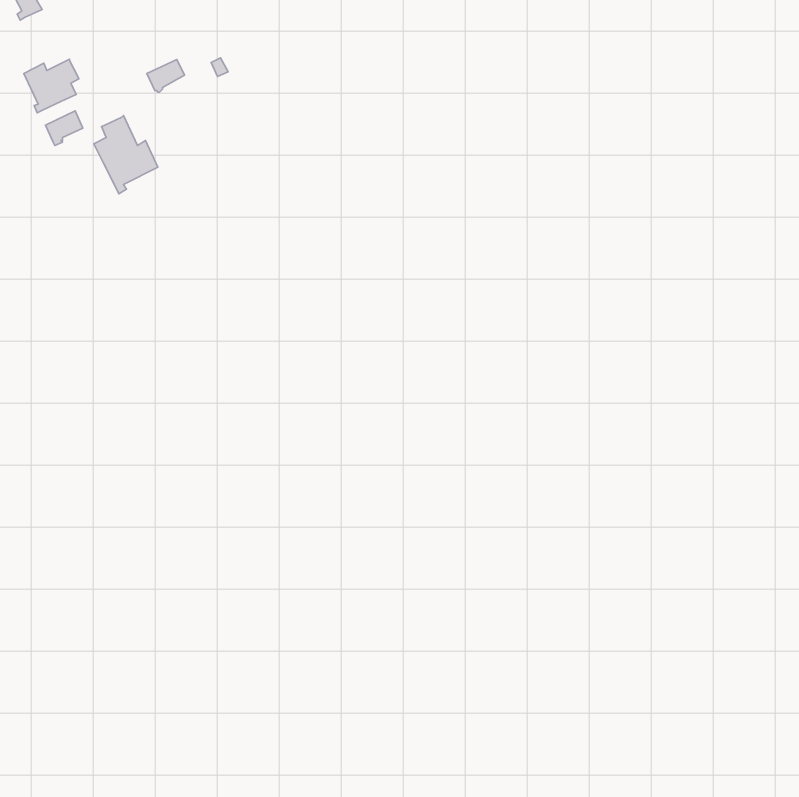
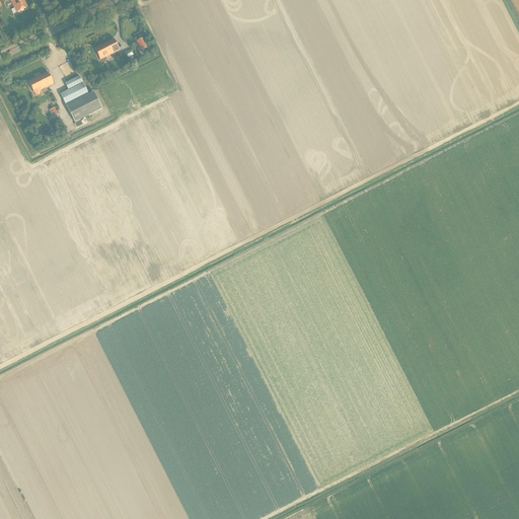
building: [24,59,79,113] -> none

